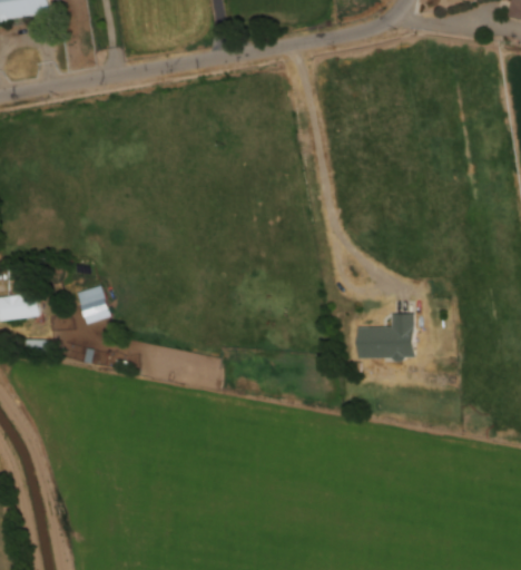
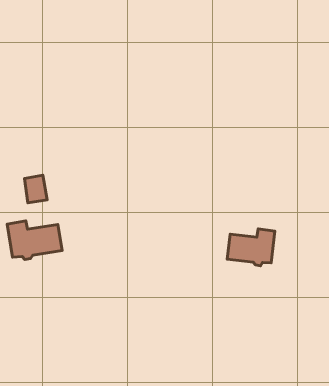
building: none -> [7,221,62,259]

